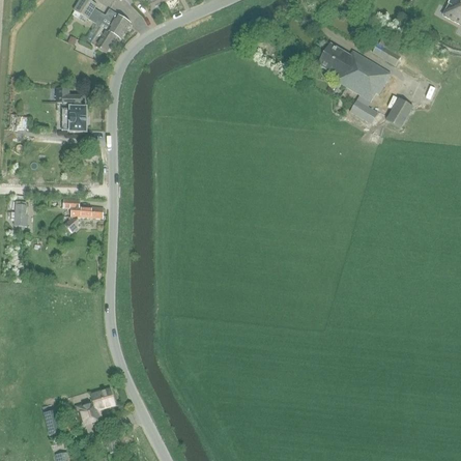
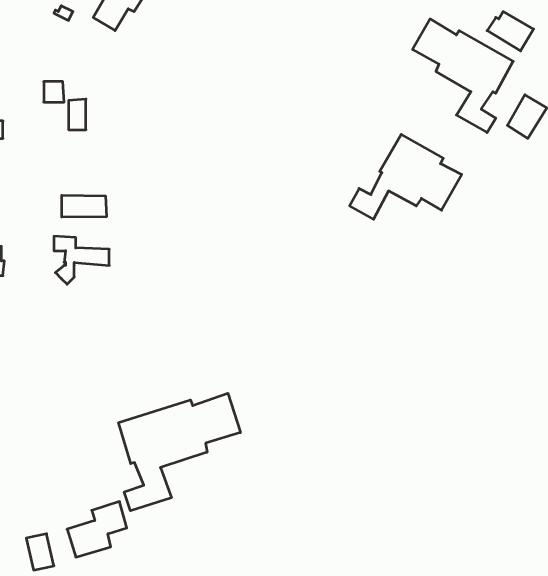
building: none -> [350,134,462,219]
building: none -> [62,195,106,217]
building: none -> [119,393,240,511]

